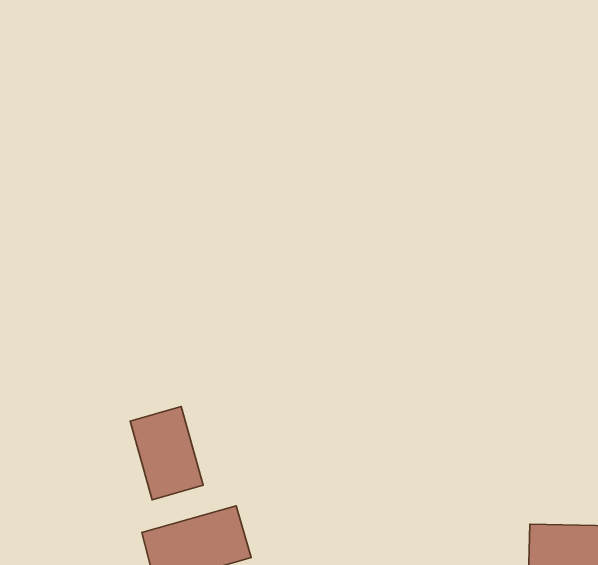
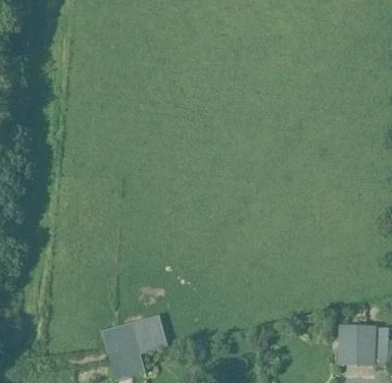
building: [130,406,203,500] -> none

